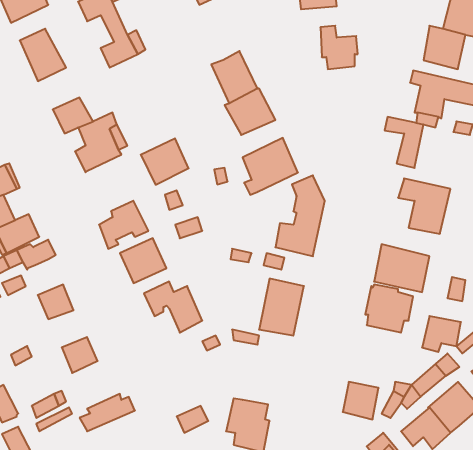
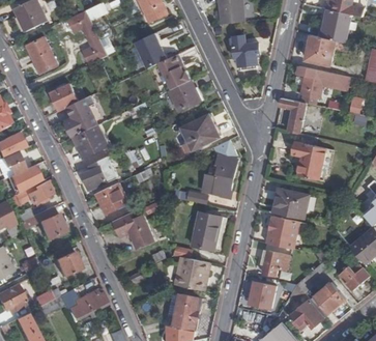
building: none -> [136,32,167,67]
building: [141,138,189,185] -> [73,124,106,157]
building: [422,316,461,352] -> [263,251,290,276]
building: none -> [178,256,208,290]

